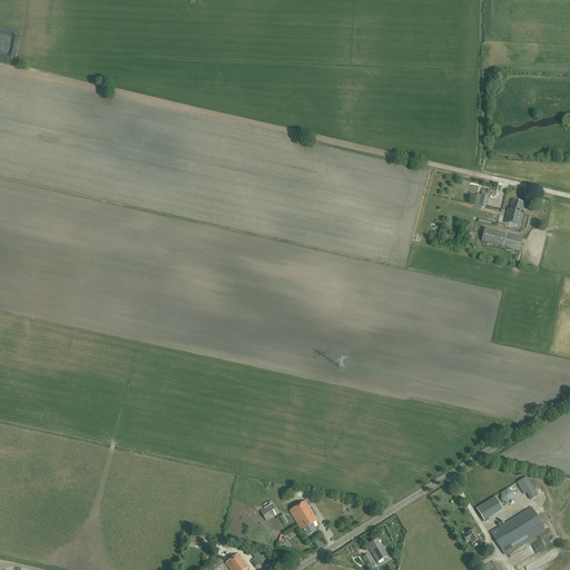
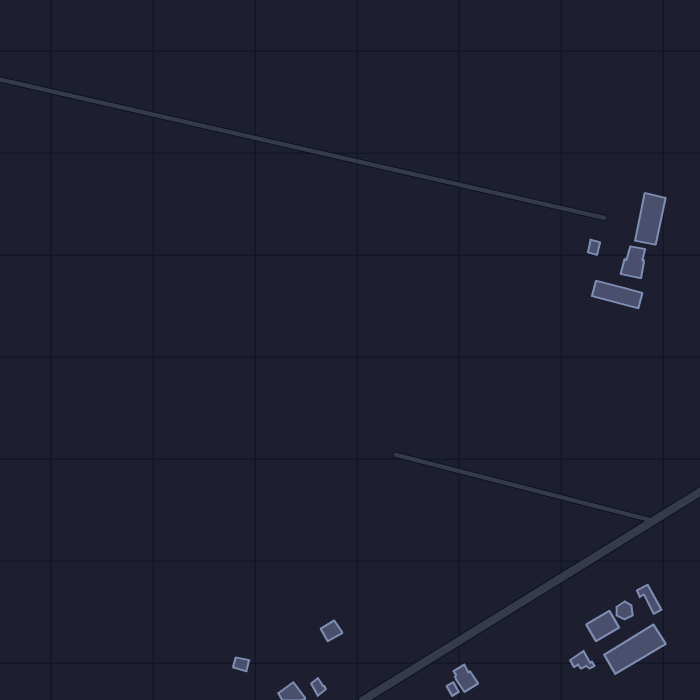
building: none -> [635,193,665,245]
building: [289,501,317,537] -> none

